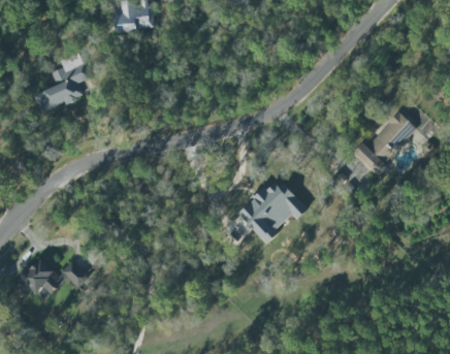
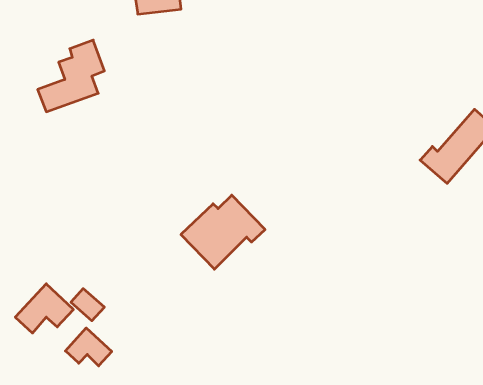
building: [238,180,309,242] -> [181,195,265,269]
building: none -> [65,328,112,366]

